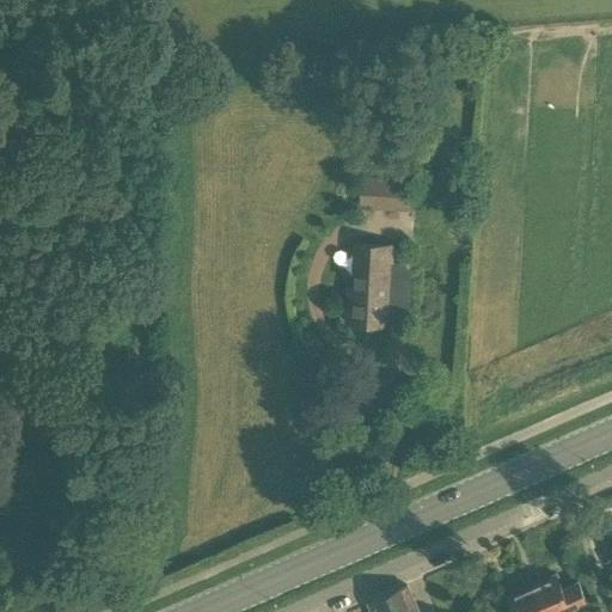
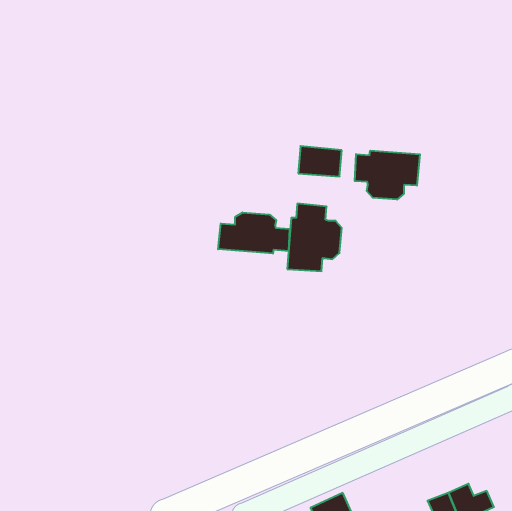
building: none -> [355,151,420,200]
building: none -> [218,212,290,254]

